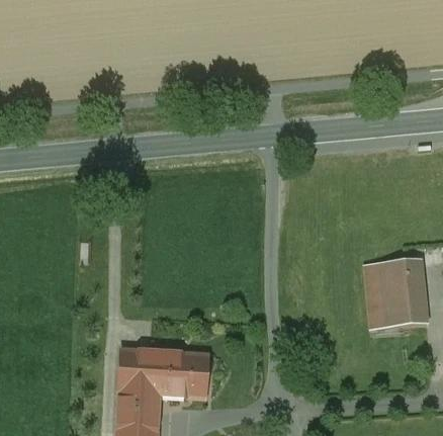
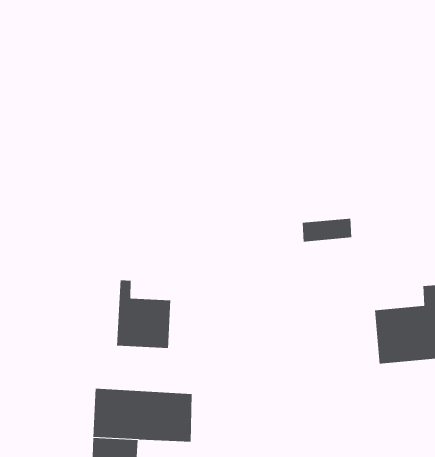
building: none -> [116,280,171,349]
building: [366,259,411,280] -> [302,218,352,242]

